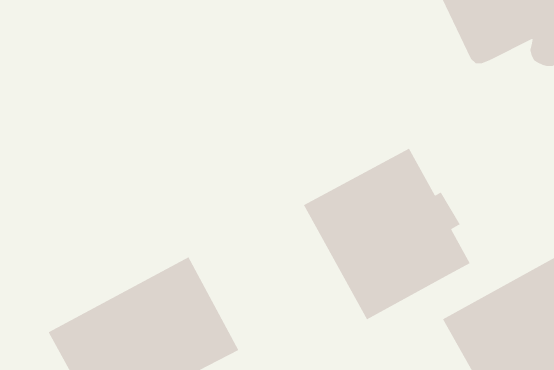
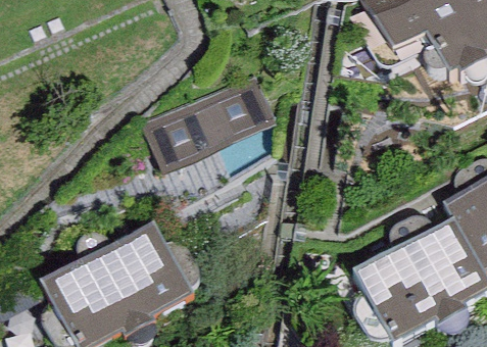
building: none -> [144,72,280,171]
building: [303,148,471,320] -> none

